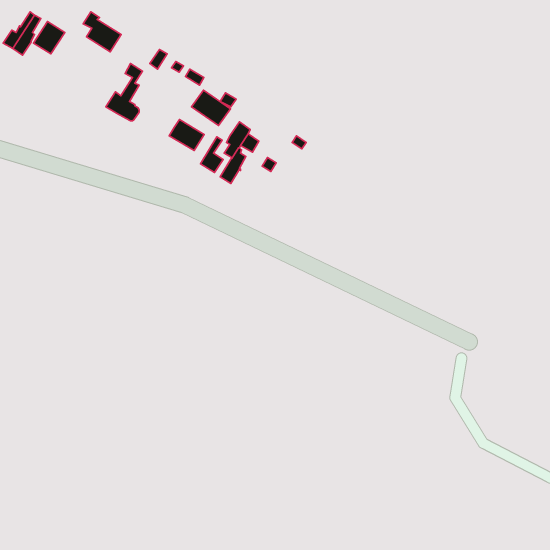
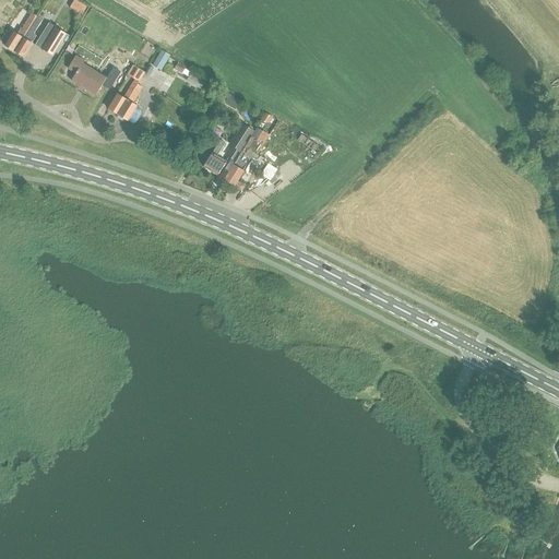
building: [83,12,121,52] -> [68,55,106,95]
building: [191,90,231,126] -> none
building: [169,120,204,151] -> none

